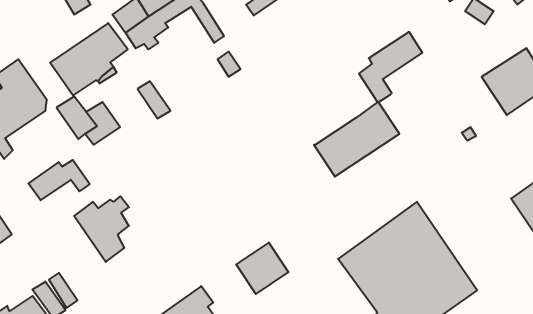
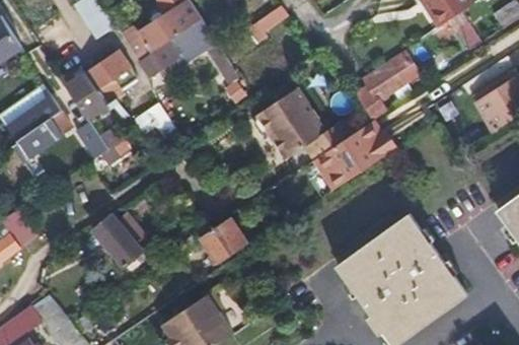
building: none -> [255,88,354,160]
building: [28,160,89,200] -> none
building: [236,243,289,294] -> [199,218,247,266]

